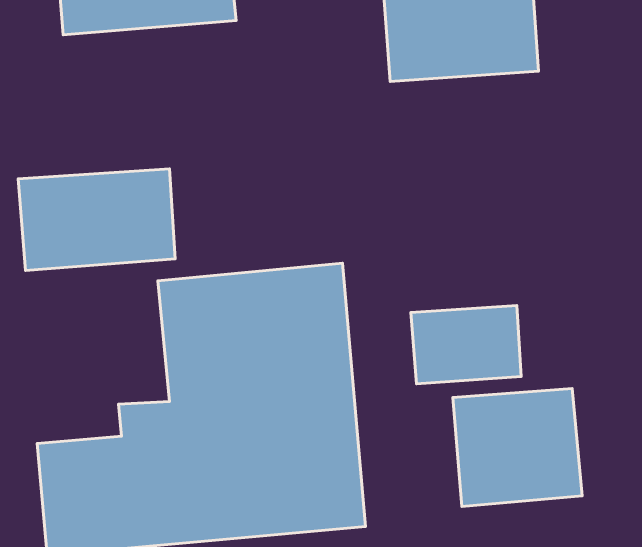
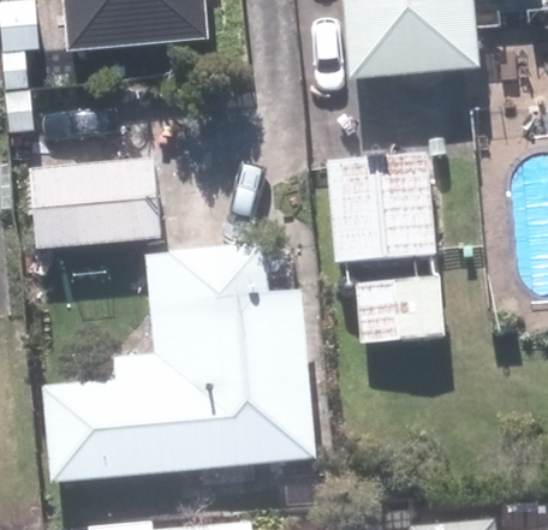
building: none -> [326,156,431,257]
building: [453,388,582,507] -> none

